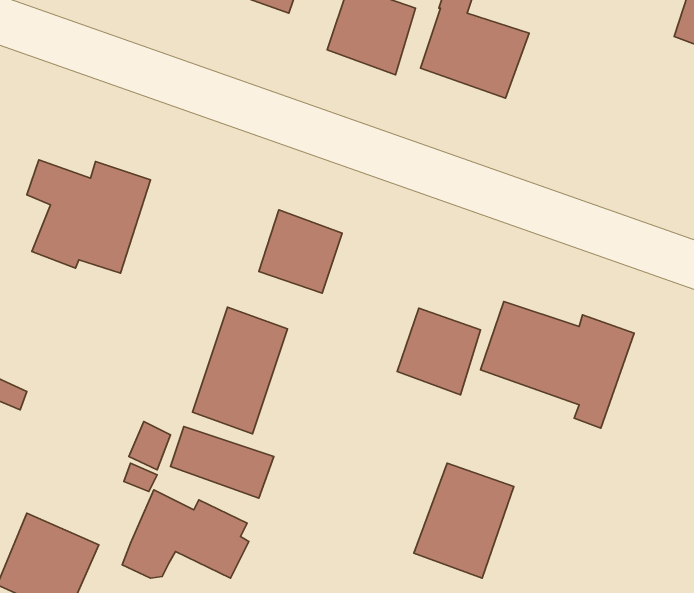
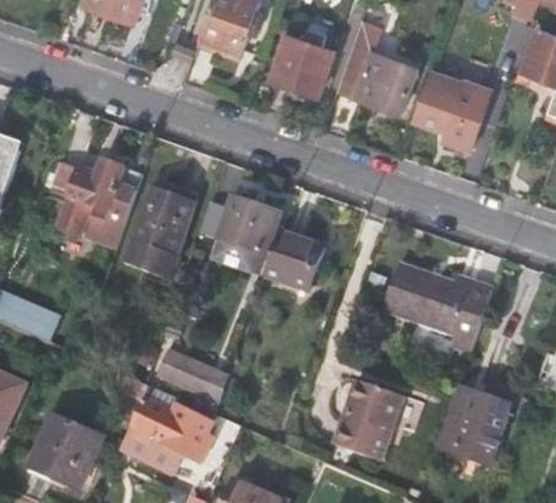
building: none -> [414,74,489,150]
building: [192,307,287,434] -> [127,187,197,279]
building: [397,308,481,395] -> [263,229,324,292]
building: none -> [441,371,516,451]

